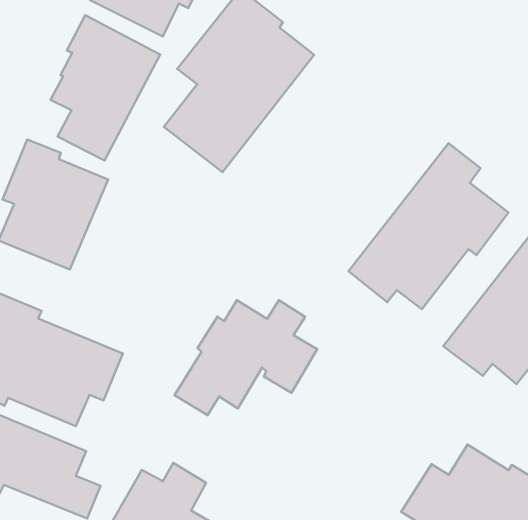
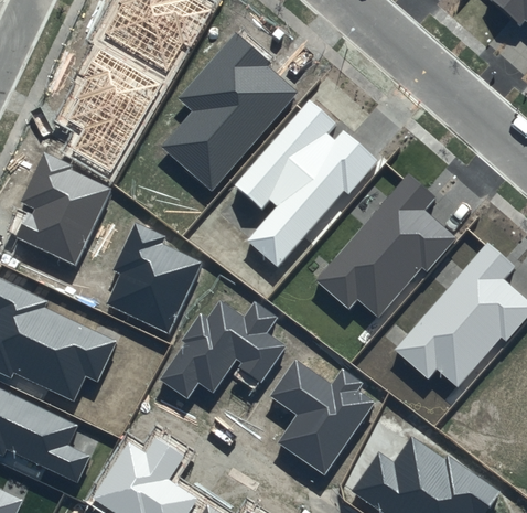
building: none -> [236,100,379,267]
building: none -> [105,223,202,334]
building: none -> [270,360,375,473]

